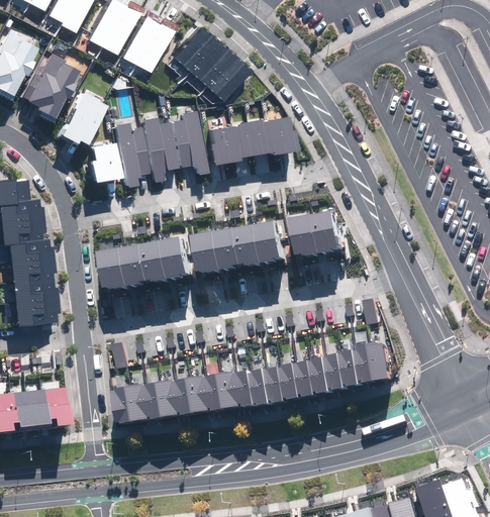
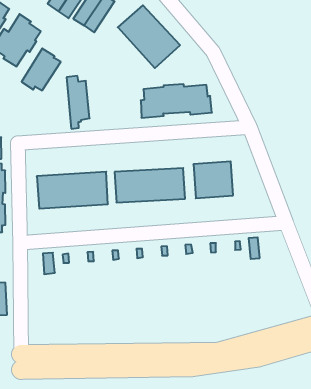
building: [173,110,207,176] -> none
building: [142,117,177,183] -> none
building: [92,142,122,183] -> none
building: [108,342,387,424] -> none

